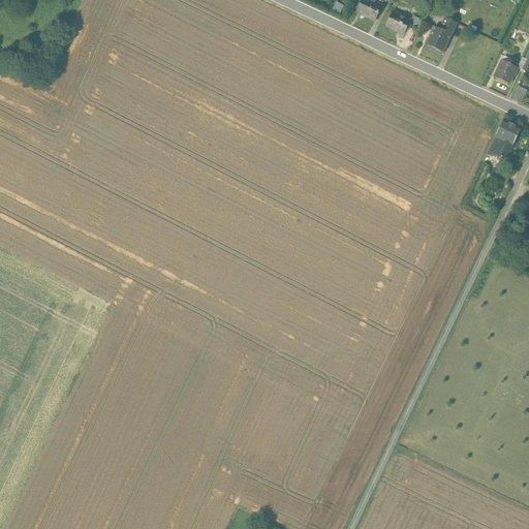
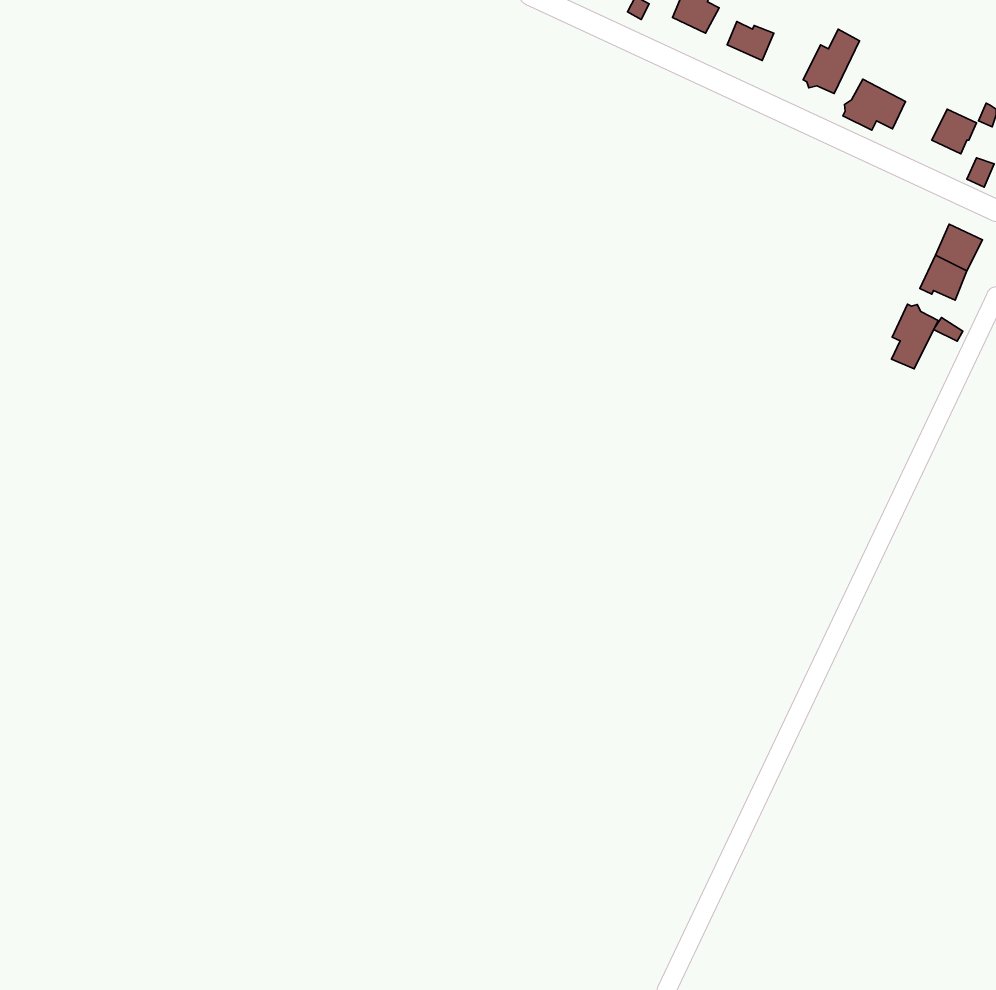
building: none -> [843,79,905,130]
building: none -> [891,304,938,369]

